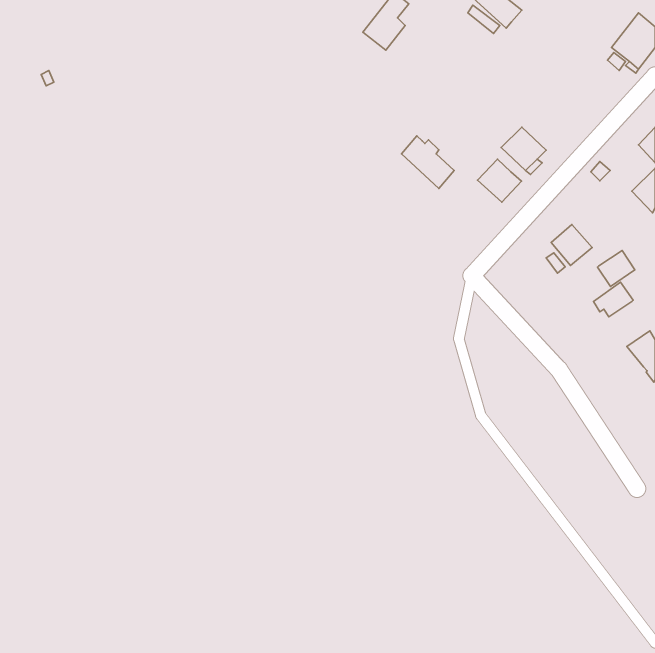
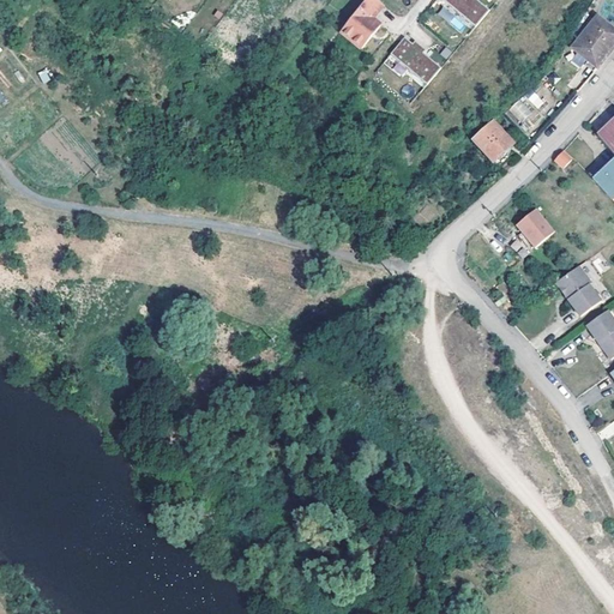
building: none -> [506,86,544,131]
building: [402,136,454,188] -> [390,35,439,84]
building: [478,159,522,202] -> none
building: [598,250,635,286] -> [568,282,603,315]

